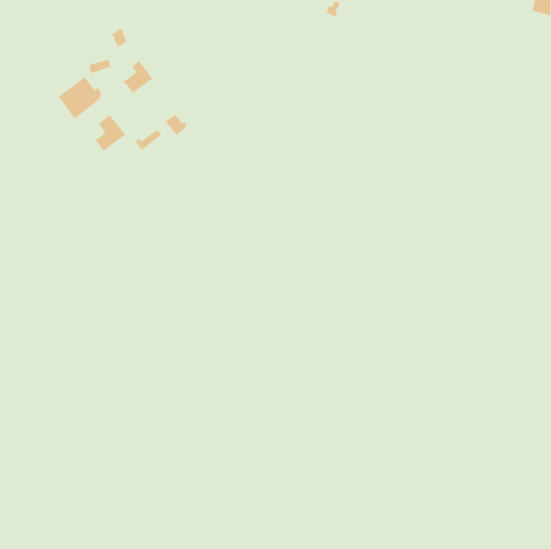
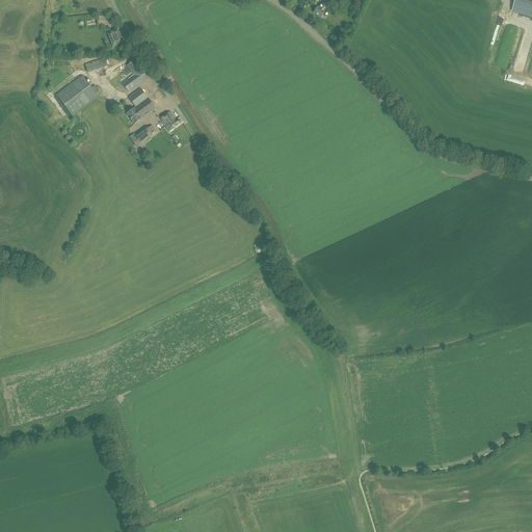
building: [95,114,126,152] -> [126,87,156,124]

